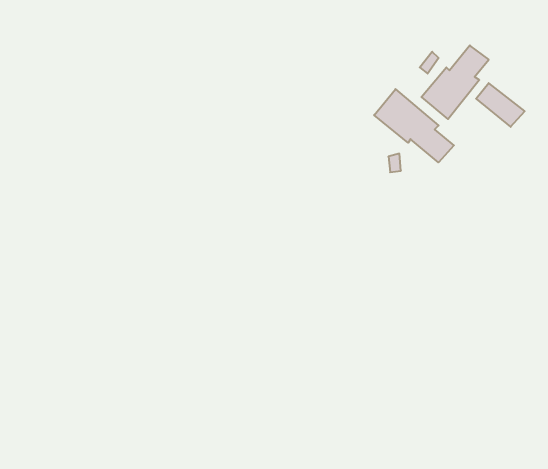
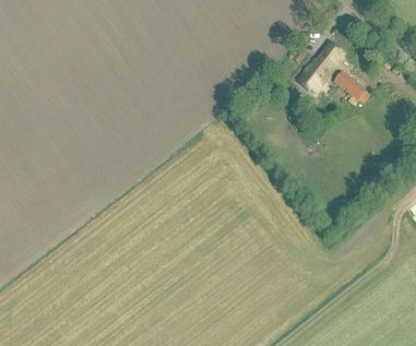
building: [374,89,454,162] -> none

